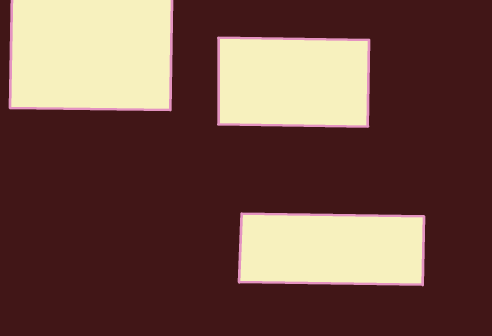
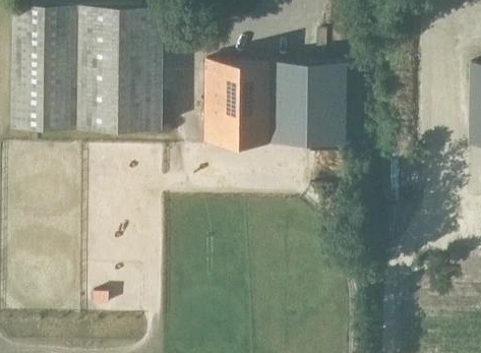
building: [239,214,424,285] -> none

